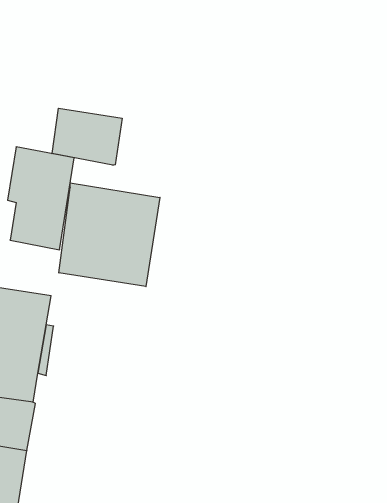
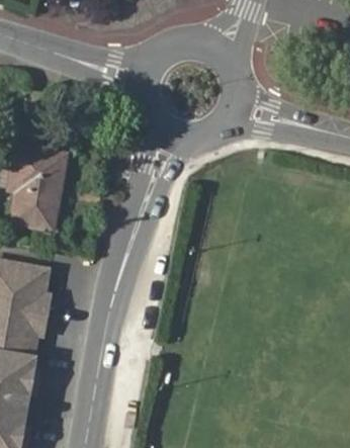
building: [52,108,122,165] -> none
building: [59,183,160,287] -> none

